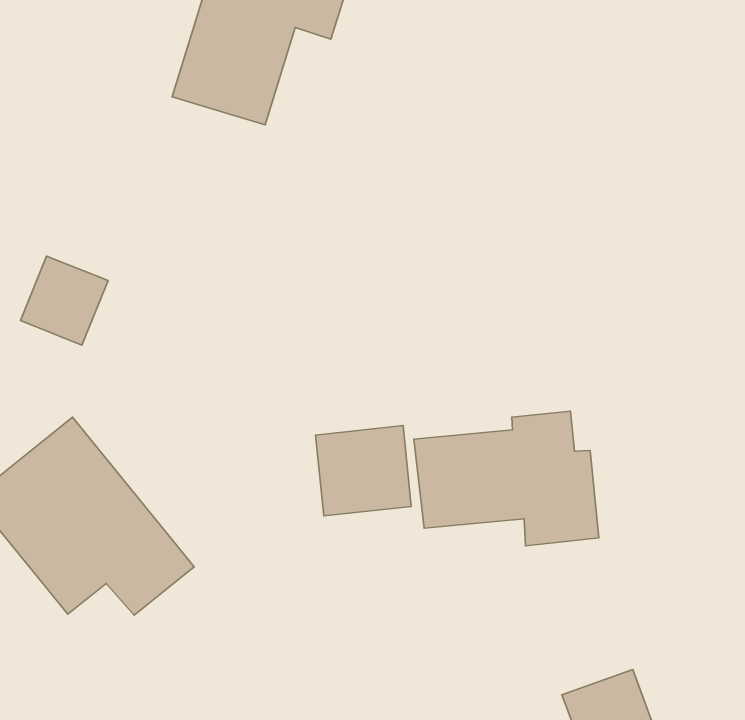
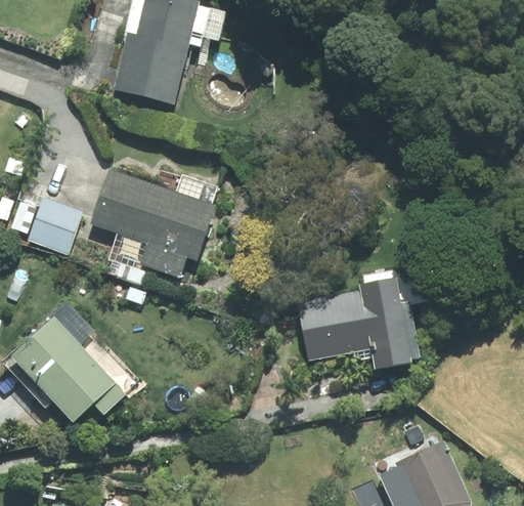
building: none -> [88,168,218,278]
building: [316,426,411,516] -> none

